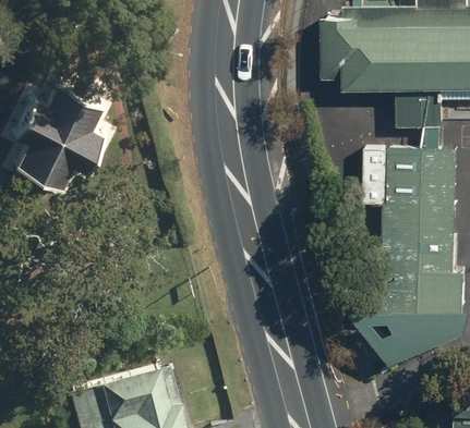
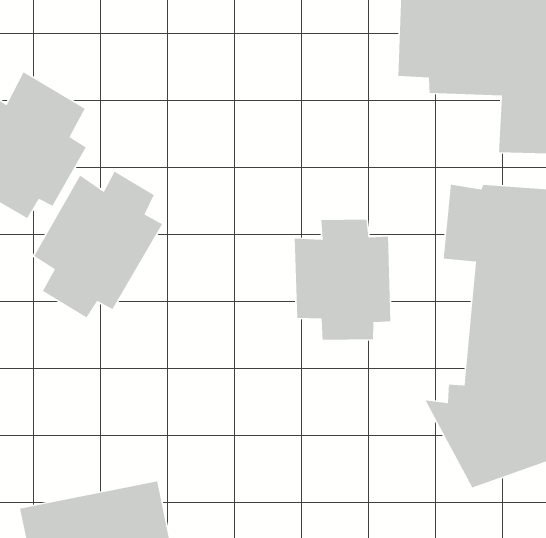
building: none -> [33,170,163,318]
building: none -> [294,219,391,340]

